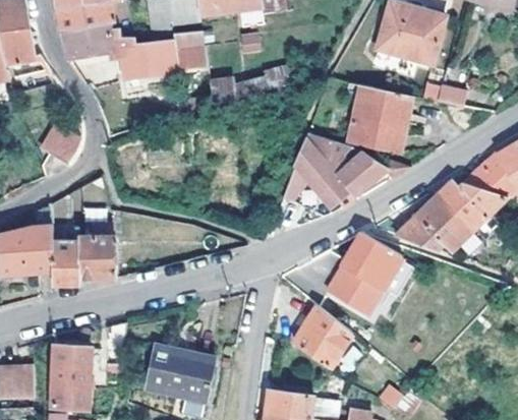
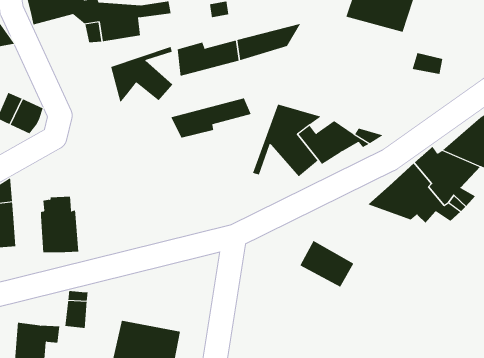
building: none -> [111,46,173,103]
building: [345,84,411,154] -> none
building: none -> [171,97,252,139]
building: [342,233,402,290] -> none
building: [52,244,79,287] -> none
building: [293,303,348,363] -> none

